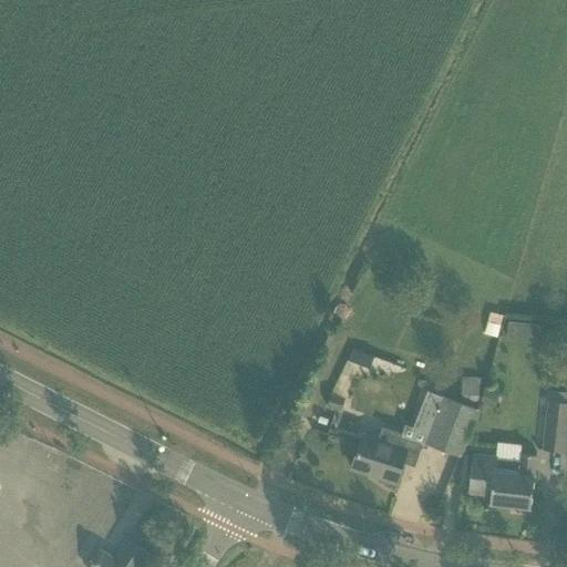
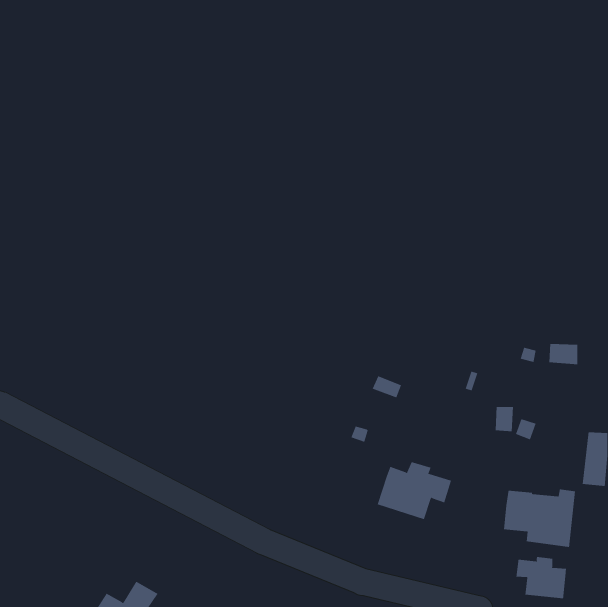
building: [412,380,475,457] -> none
building: none -> [516,556,566,599]

